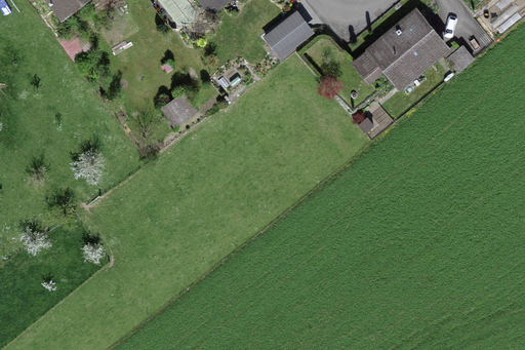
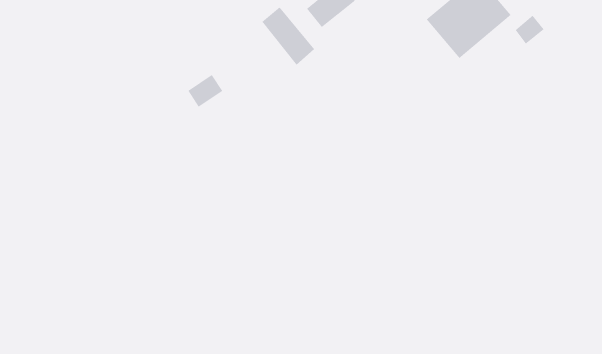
building: none -> [261,7,315,65]

